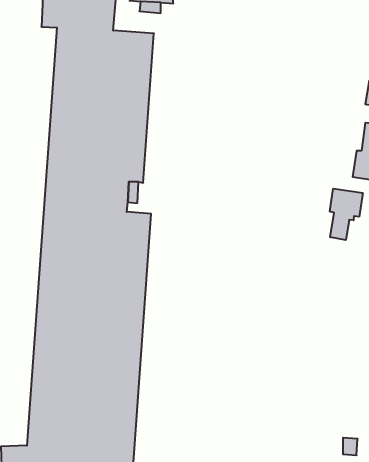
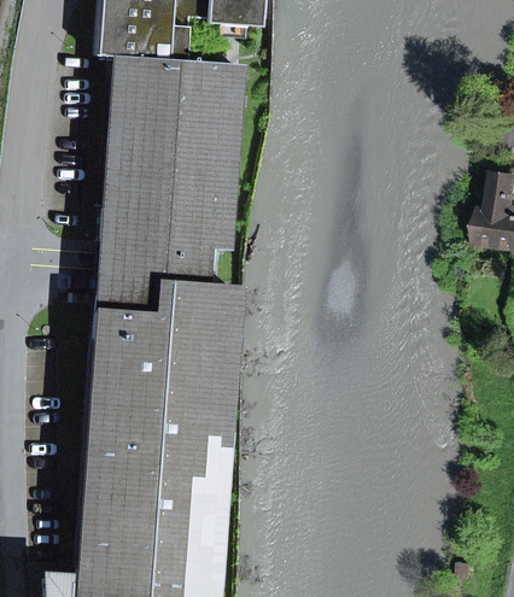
building: [330,189,363,240] -> none

